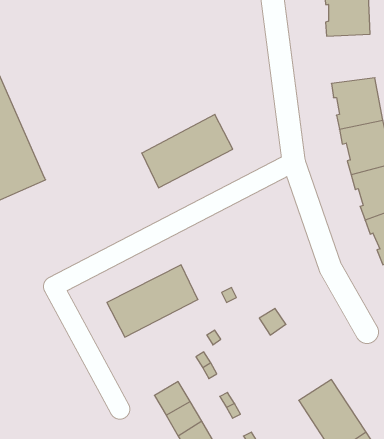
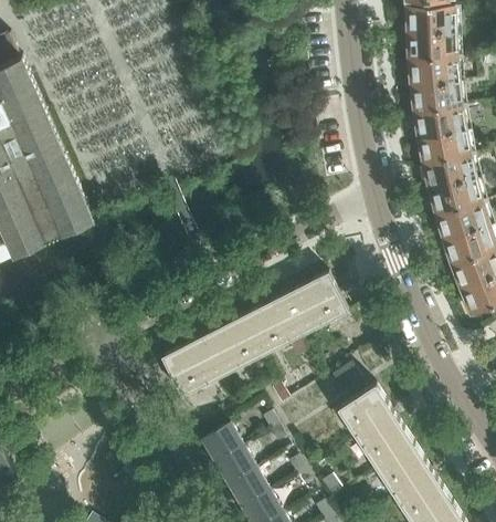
building: none -> [408,59,462,114]
building: [142,114,233,188] -> [245,273,347,355]
building: none -> [338,385,413,468]
building: none -> [202,424,242,462]

